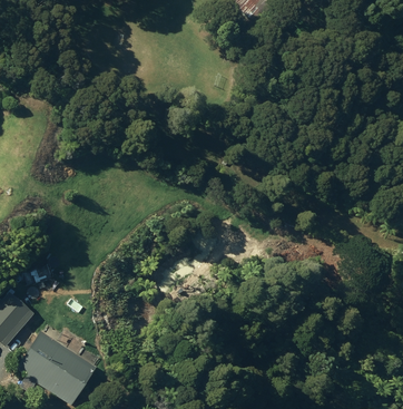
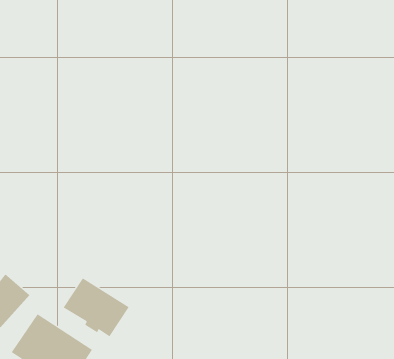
building: none -> [63,277,130,337]

